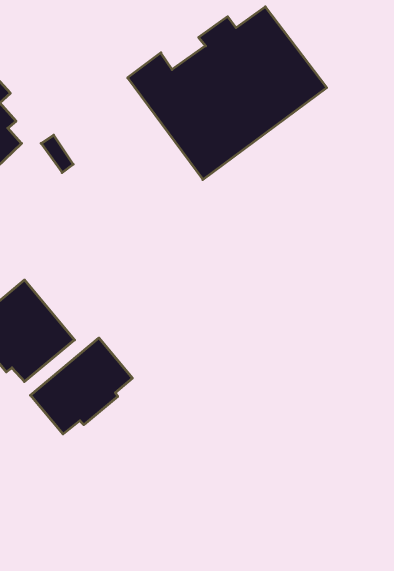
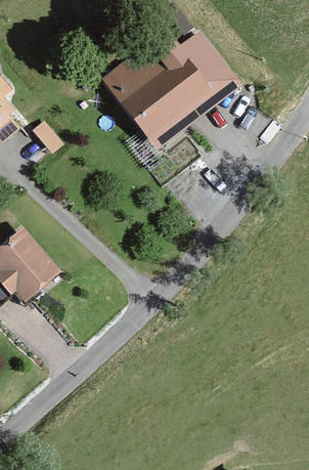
building: [30,338,132,434] -> none

